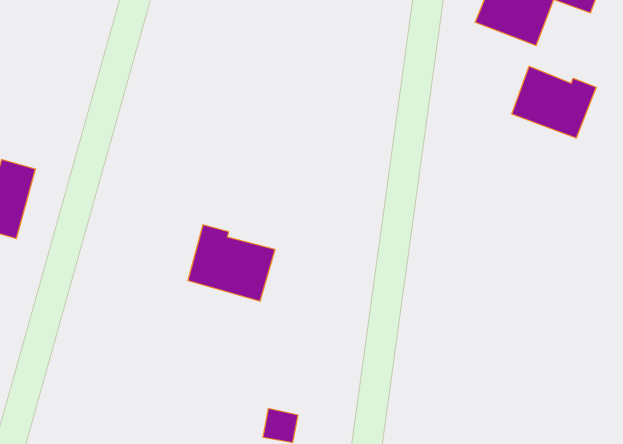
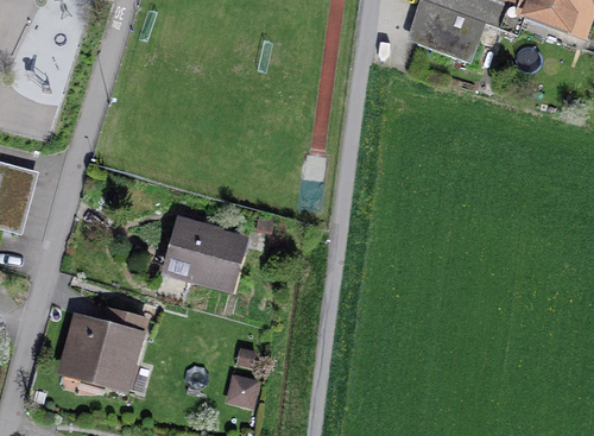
building: [512,66,596,138] -> none
building: none -> [63,309,146,386]

